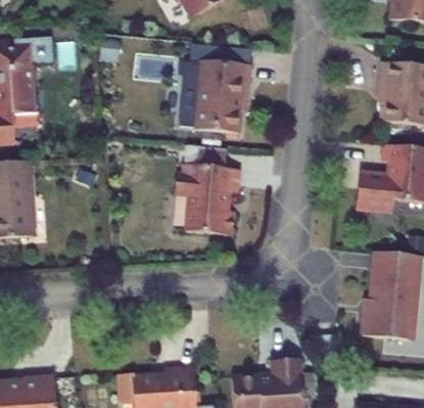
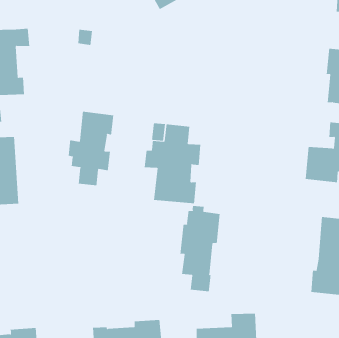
building: [179,59,251,133] -> none
building: none -> [68,111,114,186]
building: none -> [180,205,220,292]

